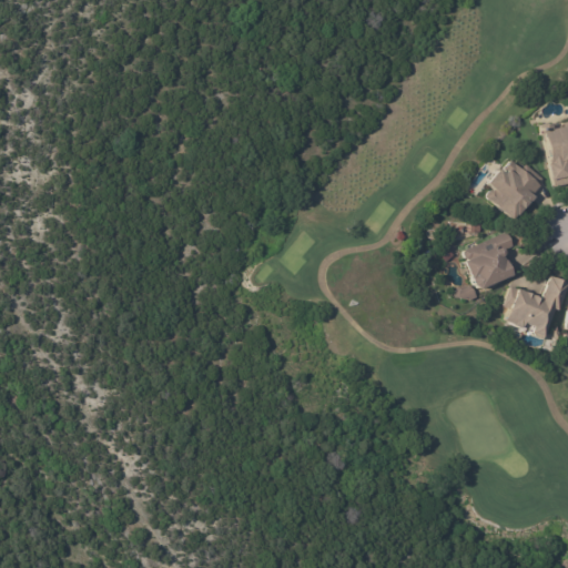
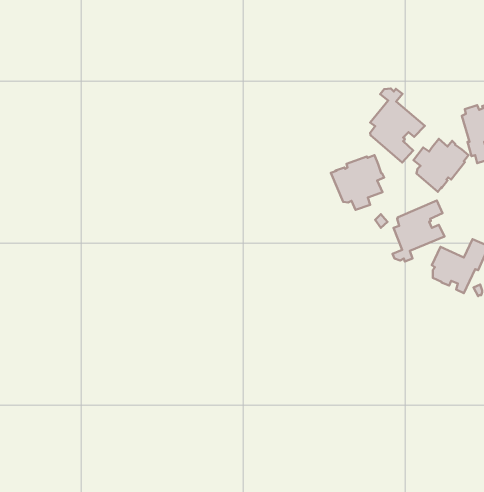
building: none -> [370,89,425,163]
building: none -> [331,155,384,210]

